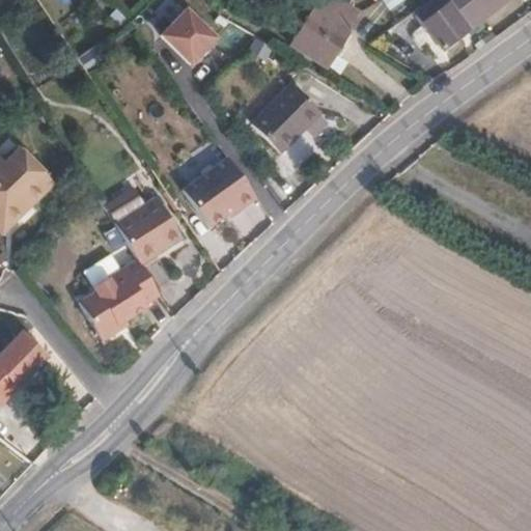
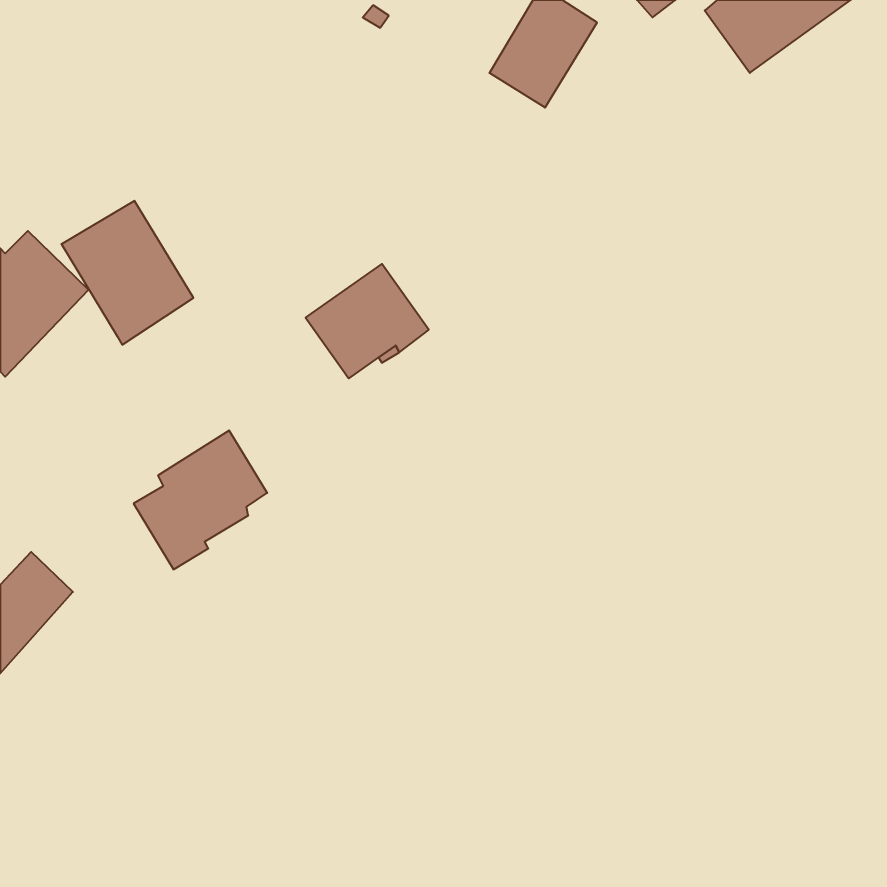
building: [162,8,221,67] -> none
building: [250,83,319,150] -> none
building: [104,176,183,262] -> [61,201,193,345]

